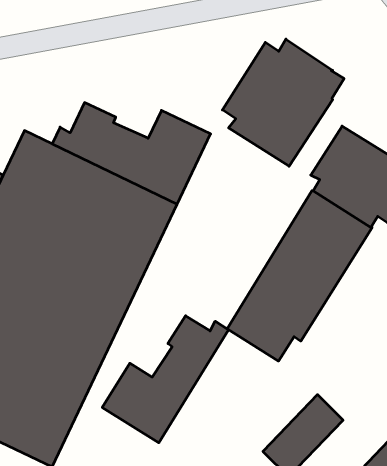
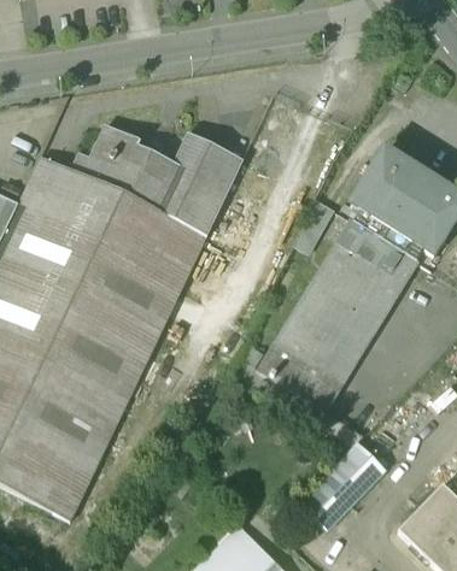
building: [222,39,344,166] -> none
building: [102,316,229,443] -> none

